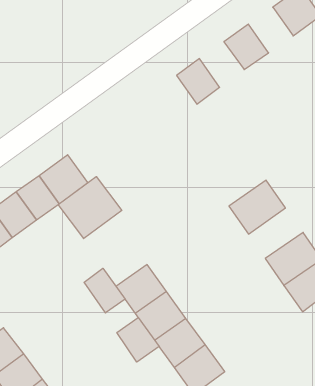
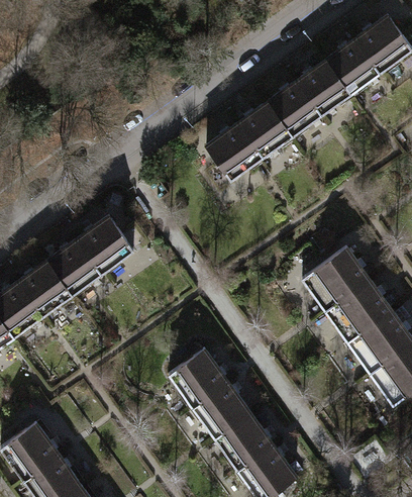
building: none -> [326,38,380,93]
building: none -> [268,80,321,134]
building: none -> [205,120,265,179]
building: [58,177,122,239] -> none
building: none -> [326,279,392,339]
building: [84,268,125,313] -> none
building: [117,317,159,362] -> none

